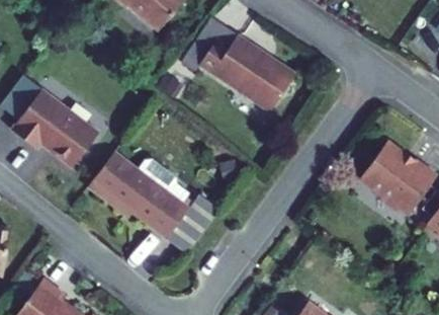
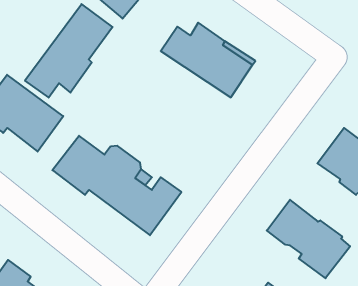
building: none -> [25,4,113,98]
building: none -> [267,200,350,278]

